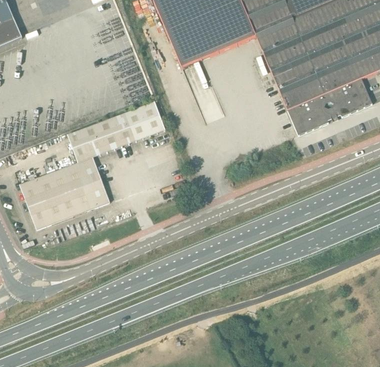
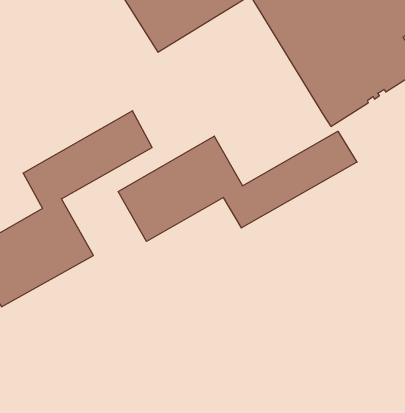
building: none -> [118,131,357,241]

